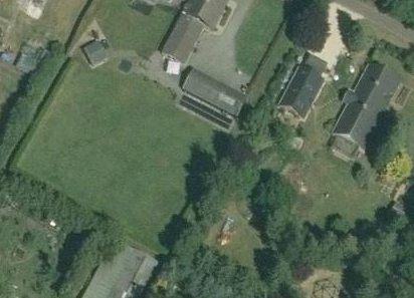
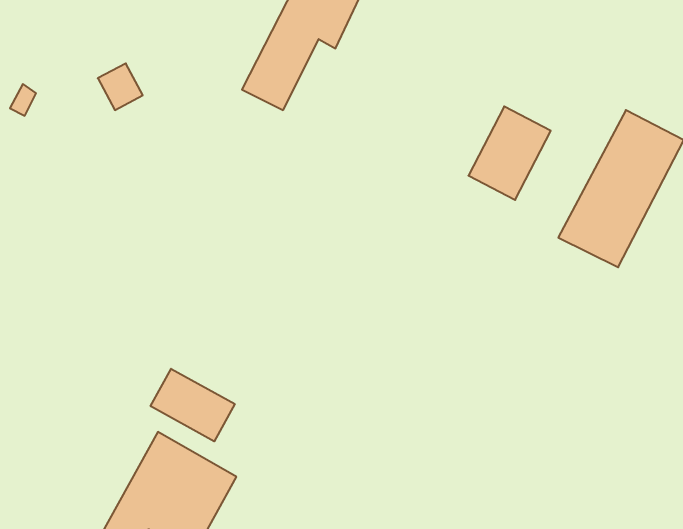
building: [182,69,244,114] -> none
building: none -> [151,369,235,441]

